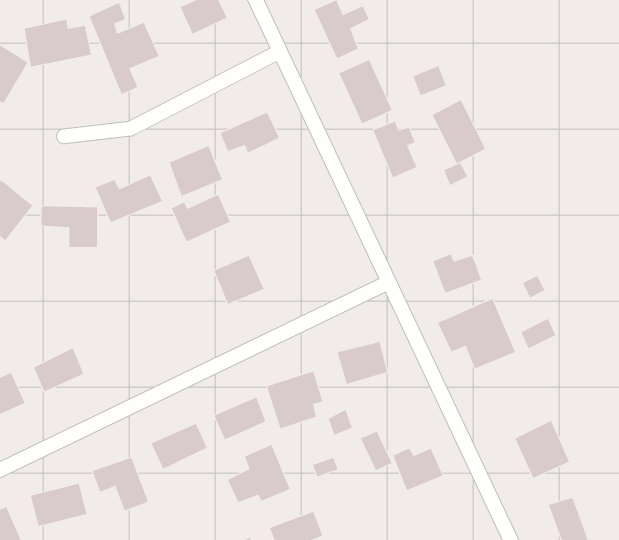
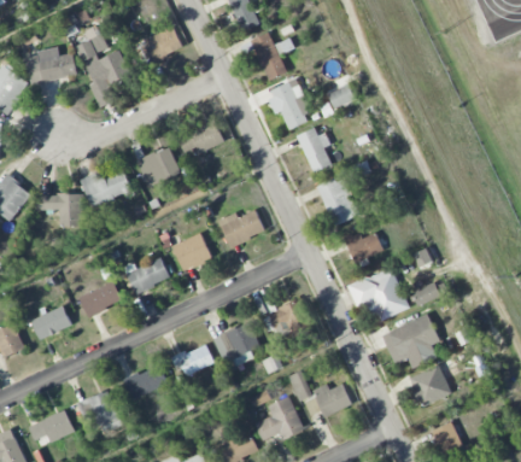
building: [432,100,486,164] -> [316,176,358,227]
building: [171,194,231,242] -> [123,257,170,294]
building: none -> [218,210,265,247]
building: none -> [78,281,122,317]
building: none -> [382,315,439,369]
building: [227,444,290,503] -> [254,396,304,441]

